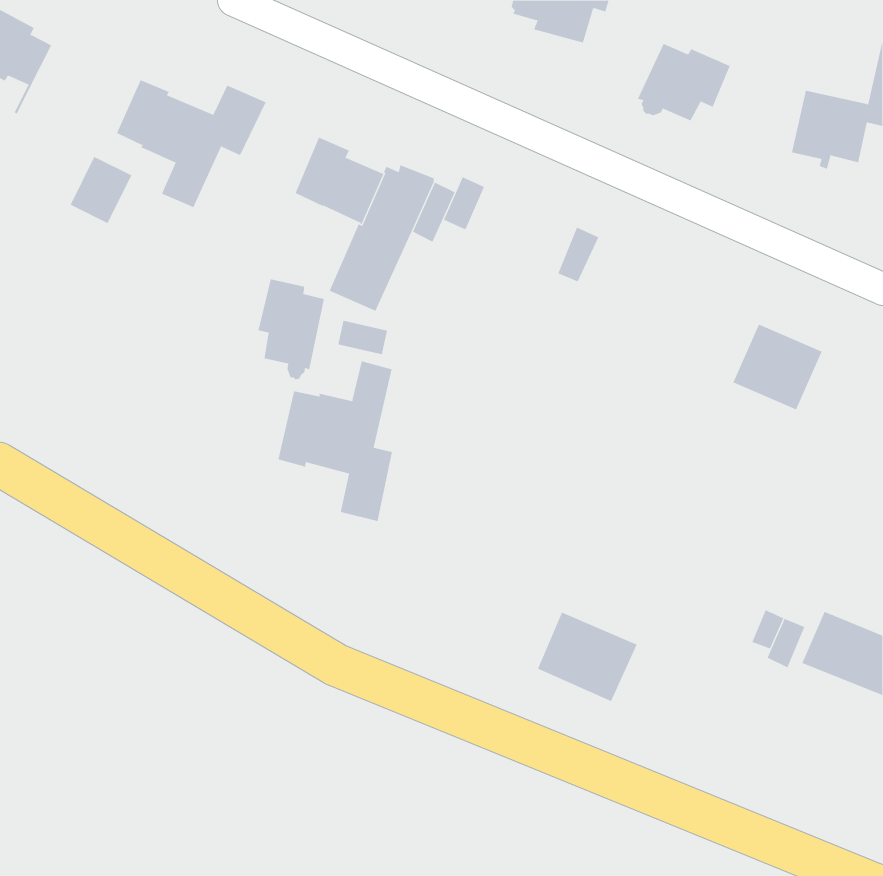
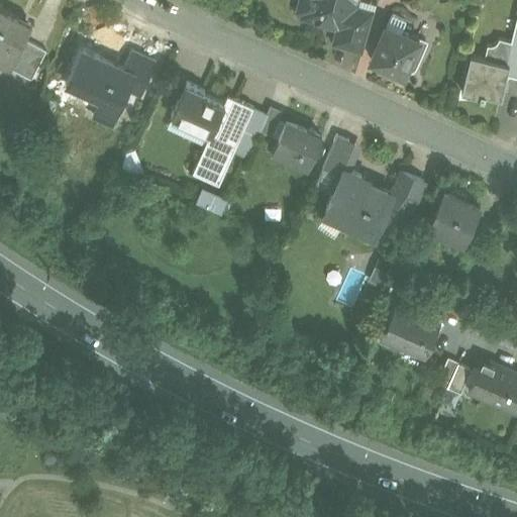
building: none -> [336,10,370,51]
building: [70,156,132,224] -> [10,43,46,83]
building: none -> [277,124,322,168]
building: [258,278,325,380] -> none
building: none -> [327,171,424,236]
building: [278,361,393,522] -> none
building: [537,612,638,702] -> [381,307,439,359]

